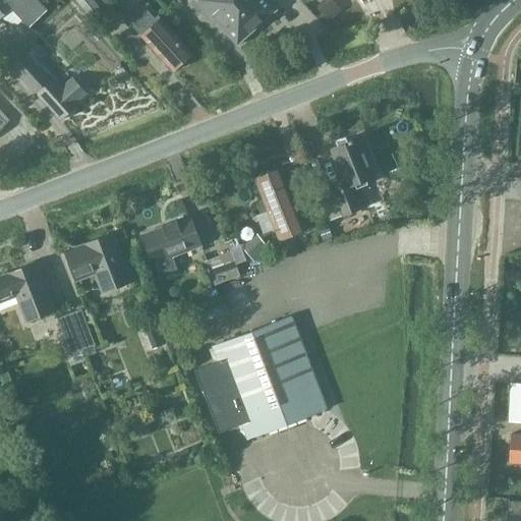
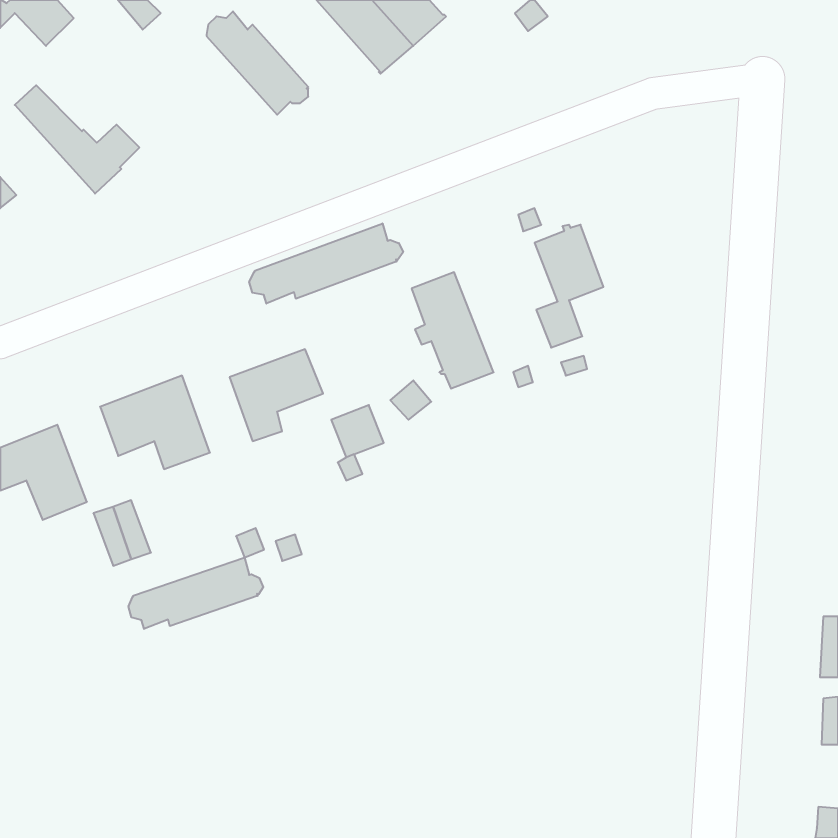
building: none -> [249,223,403,304]
building: [196,316,328,439] -> none
building: none -> [129,558,263,629]

